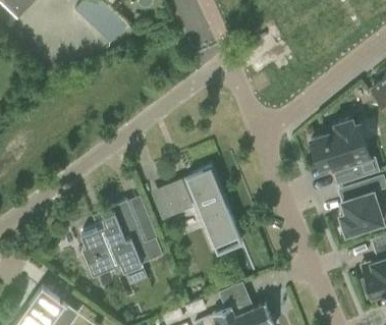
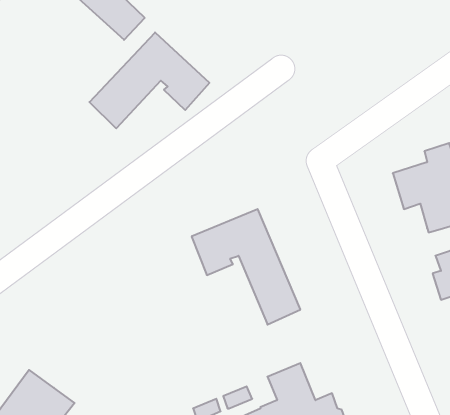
building: none -> [89,32,209,128]
building: [80,203,162,276] -> none

